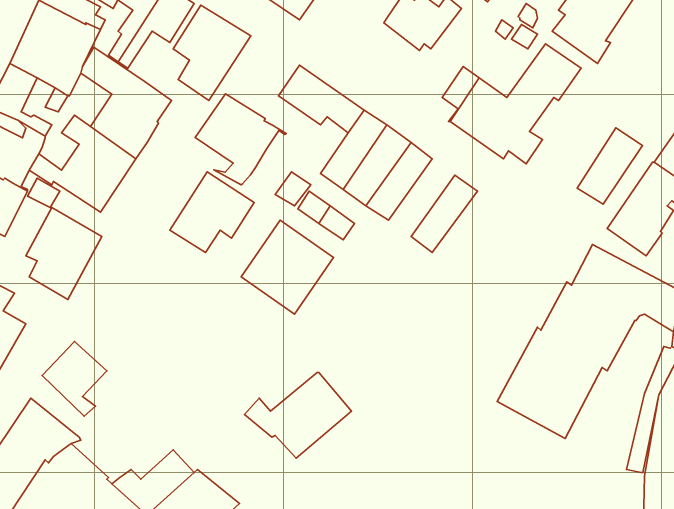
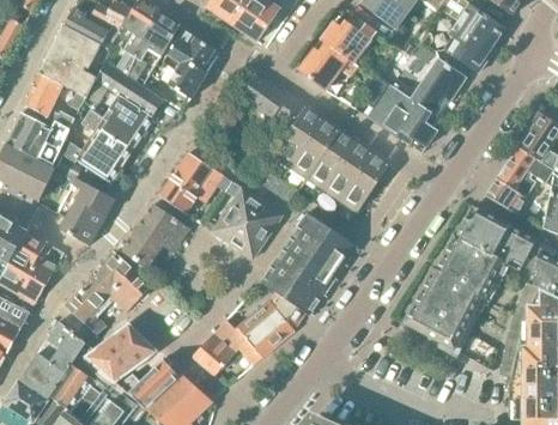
building: none -> [299,43,358,90]
building: [195,94,286,185] -> none
building: [577,128,643,204] -> none
building: none -> [323,144,372,201]
building: none -> [125,205,190,268]
building: none -> [261,212,357,330]
building: none -> [91,253,152,312]
building: none -> [89,324,156,380]
building: none -> [195,333,237,376]

